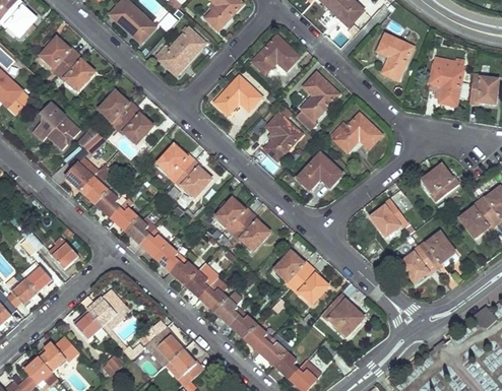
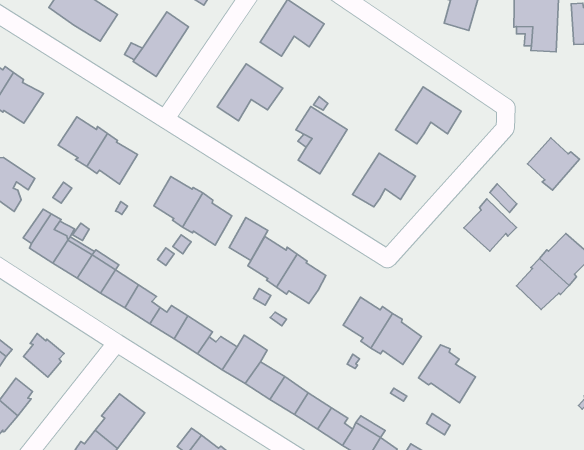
building: [296,73,337,131] -> none
building: none -> [229,217,268,261]

